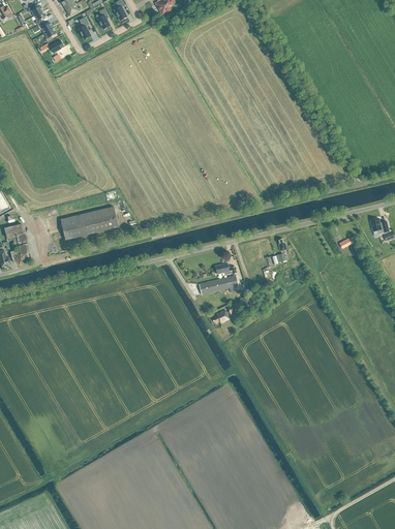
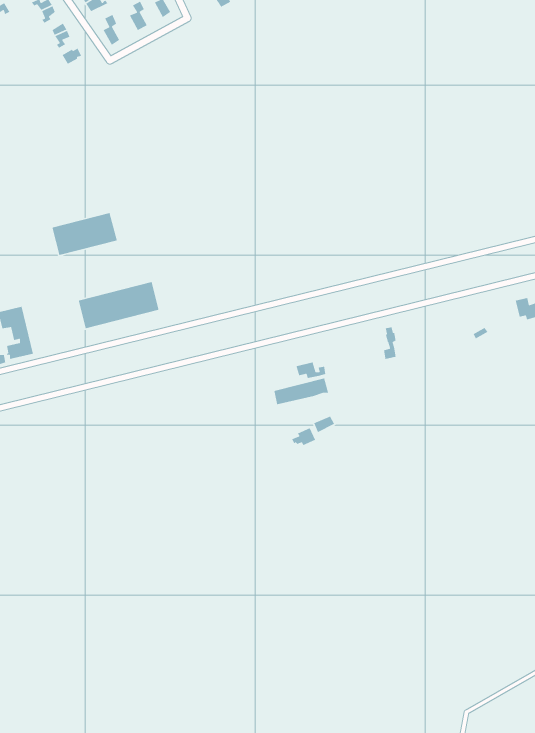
building: none -> [51,212,118,256]

